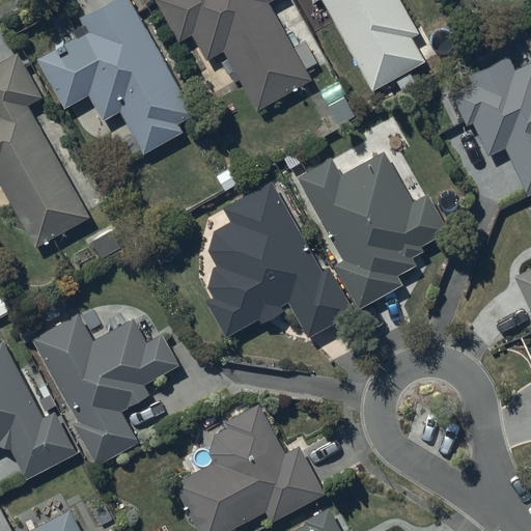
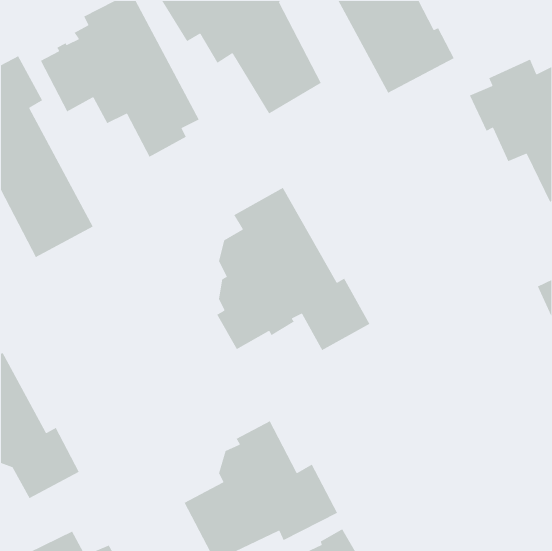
building: [299,151,449,309] -> none
building: [31,313,179,465] -> none

